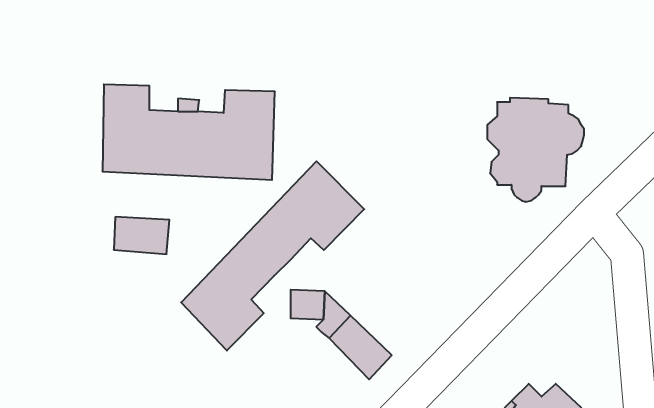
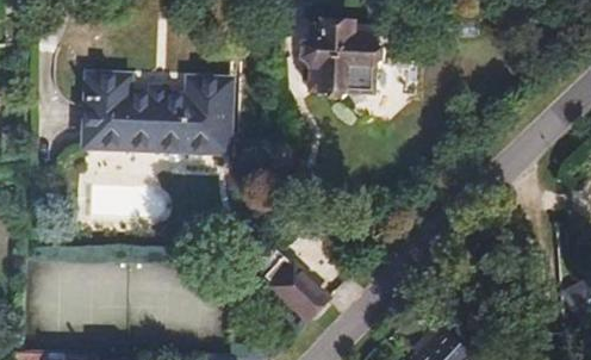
building: [487,98,584,202] -> [312,24,393,111]
building: [181,161,364,351] -> none

